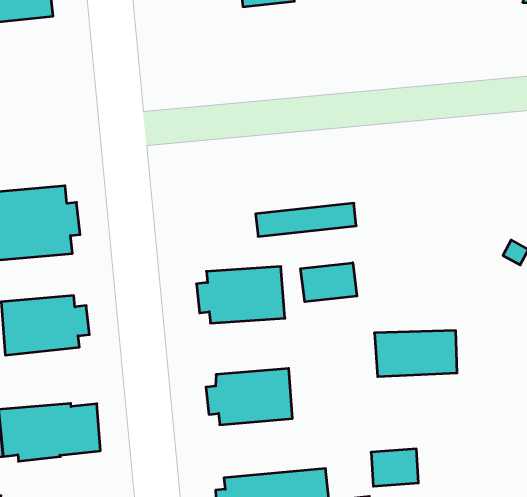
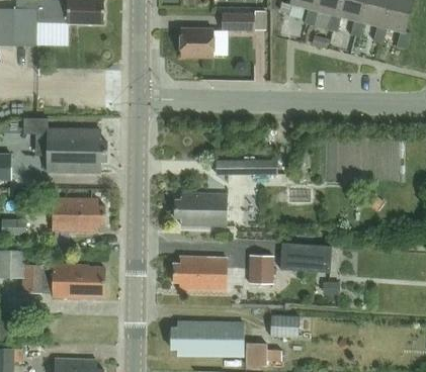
building: none -> [180,28,214,57]
building: [301,263,357,302] -> none
building: none -> [248,255,274,284]

